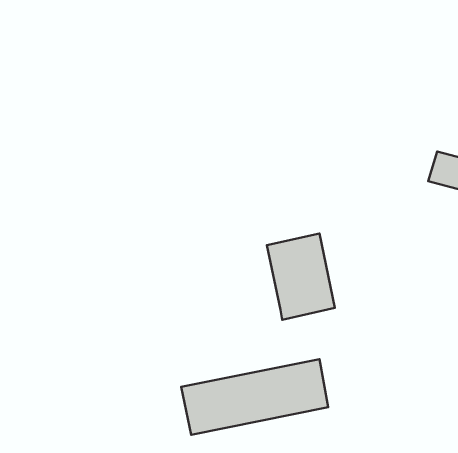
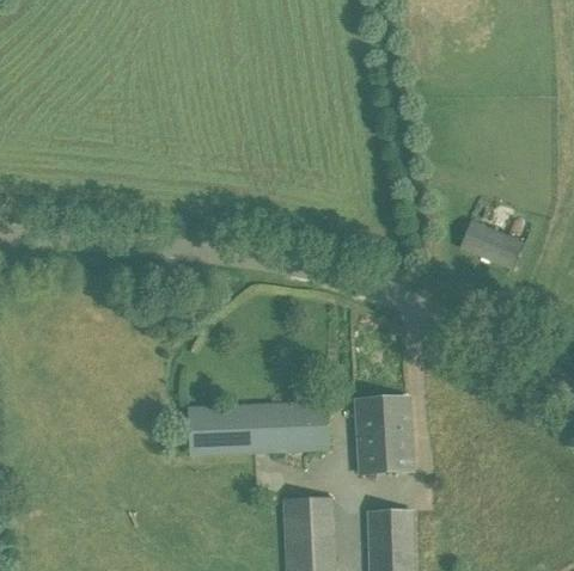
building: [267,233,335,320] -> [355,397,411,474]

